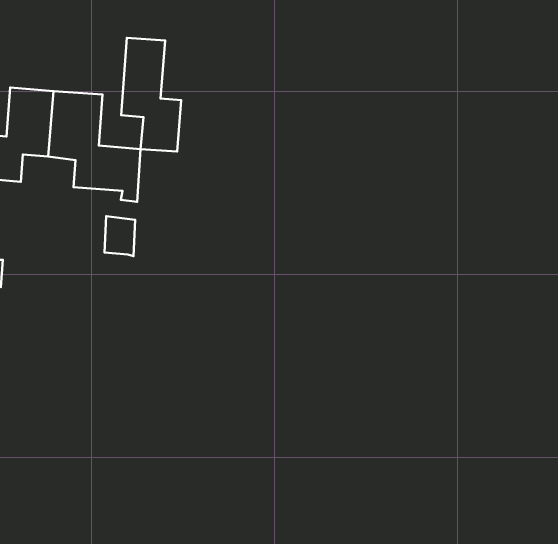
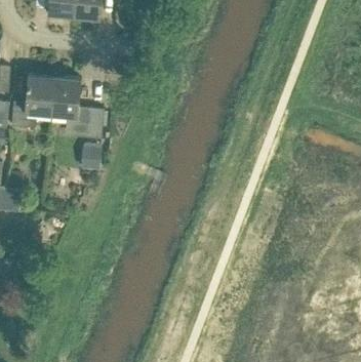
building: [121,38,181,152] -> none

